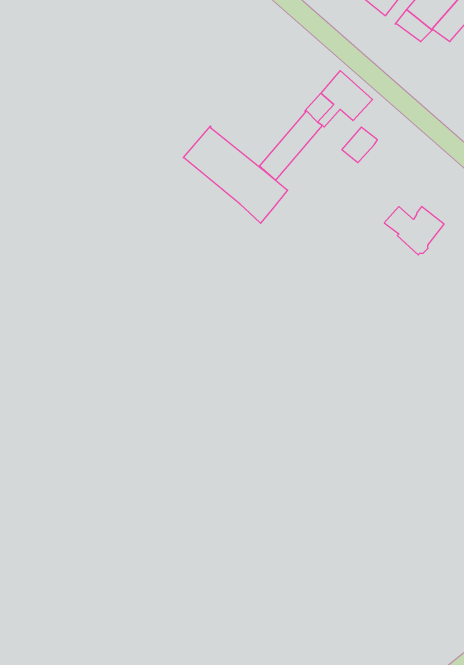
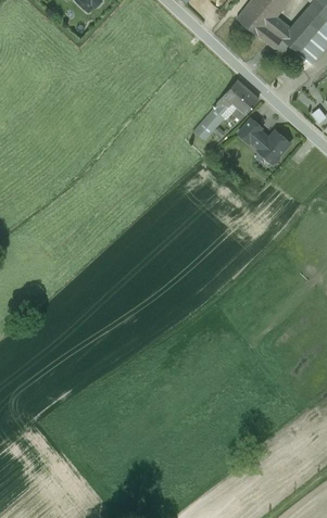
building: [183,126,288,223] -> none
building: [384,207,444,255] -> [250,130,290,163]

